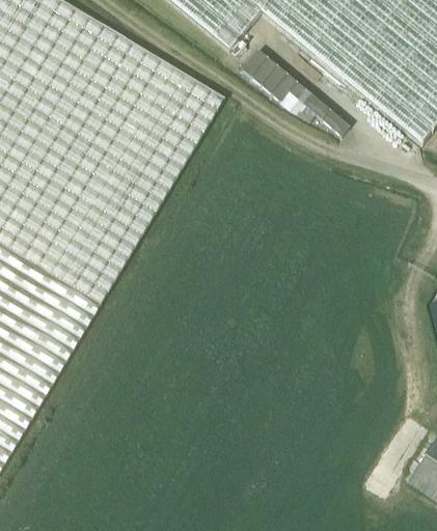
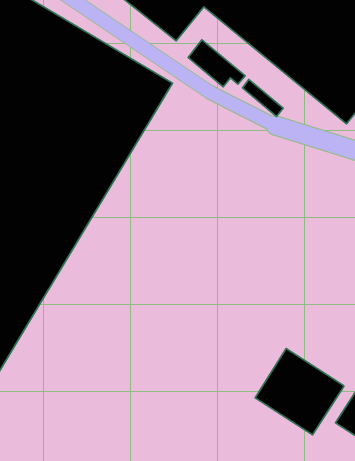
building: none -> [255,349,344,435]

